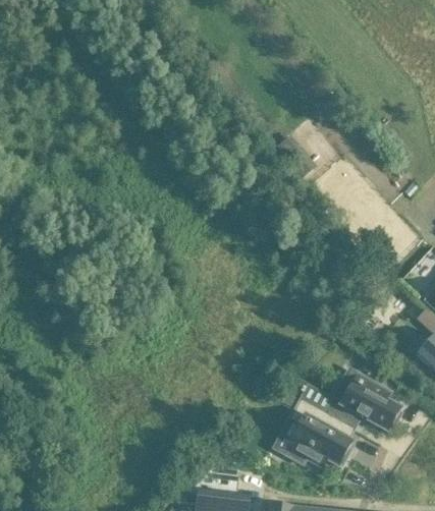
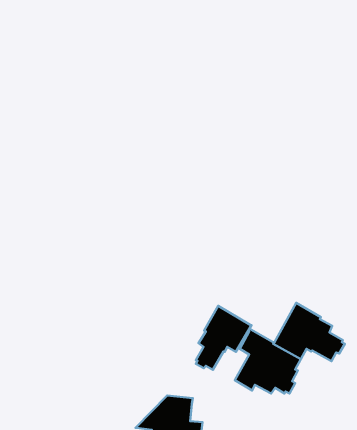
building: none -> [196,306,251,370]

